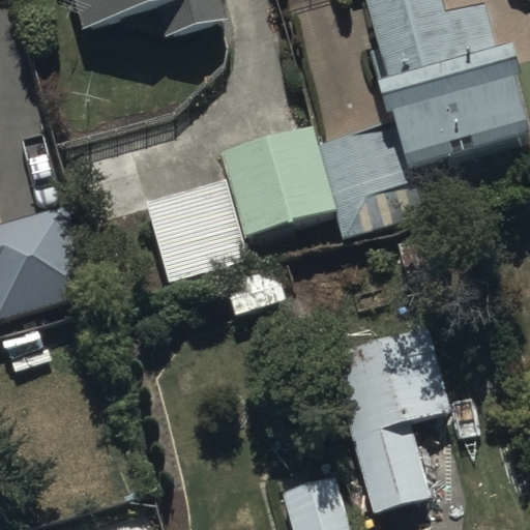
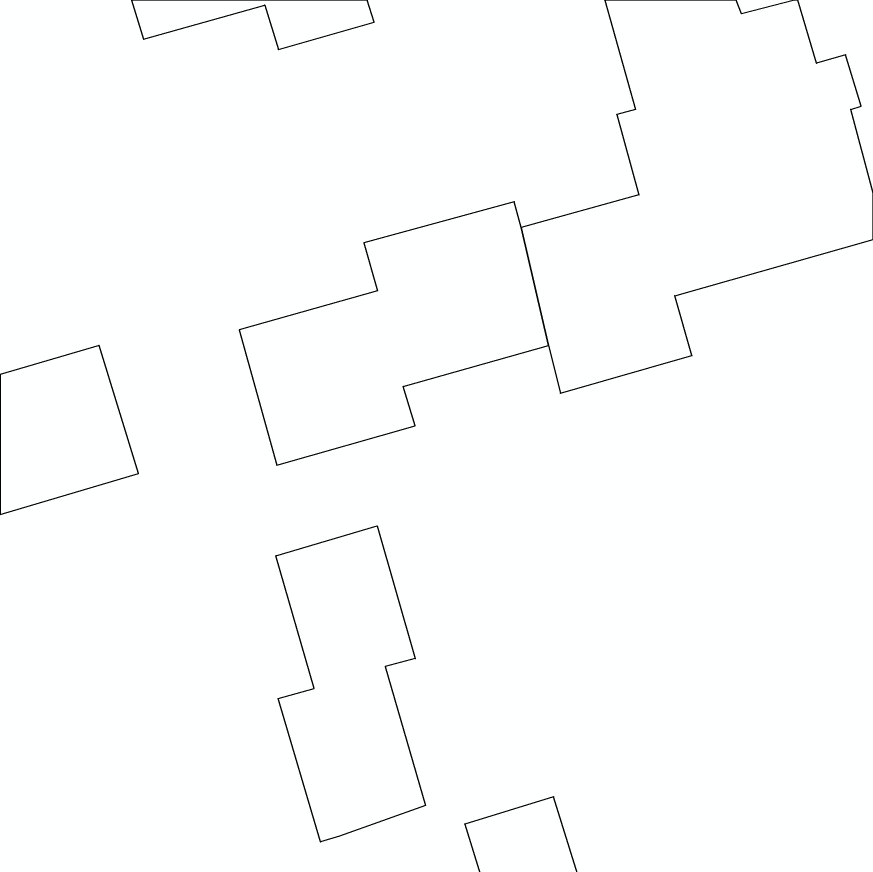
building: none -> [276,526,425,842]
building: [328,323,449,510] -> none

